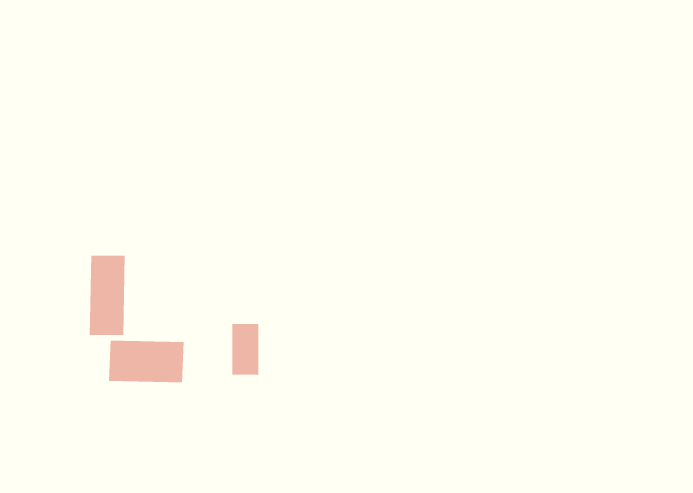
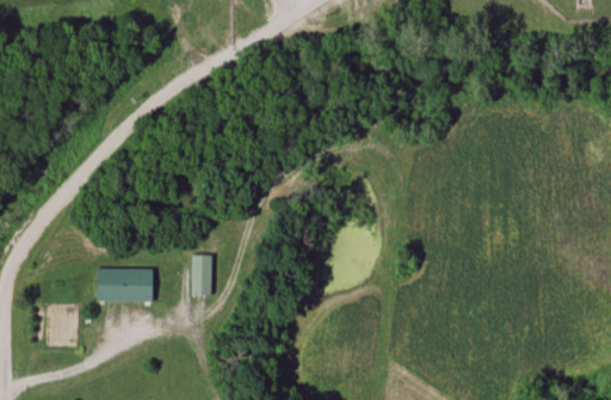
building: [89,255,125,336] -> none

